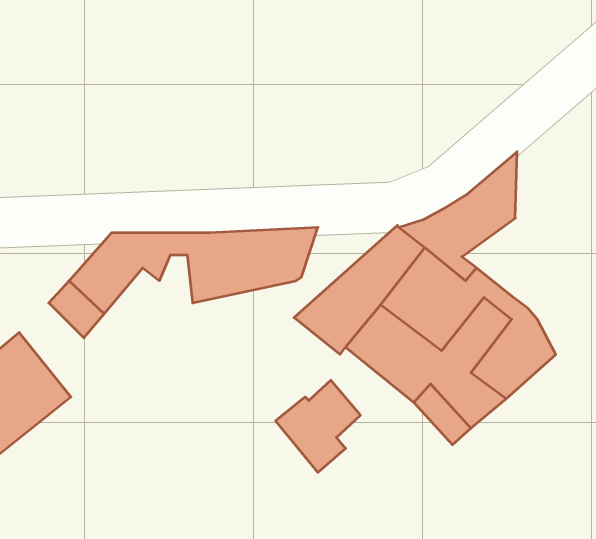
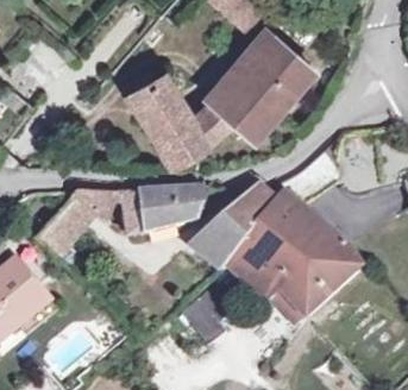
building: none -> [115,45,307,164]

